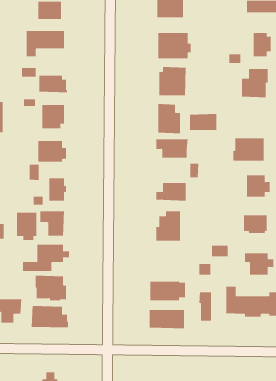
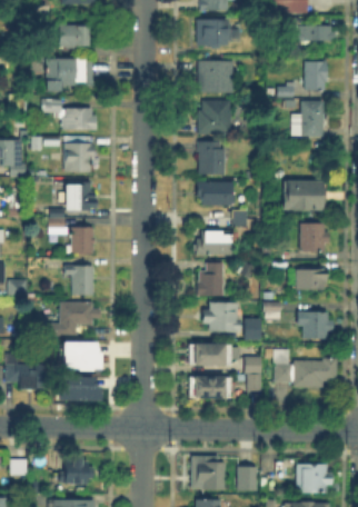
building: [190,113,217,131] -> none
building: [16,212,37,241] -> none
building: none -> [203,302,240,330]

